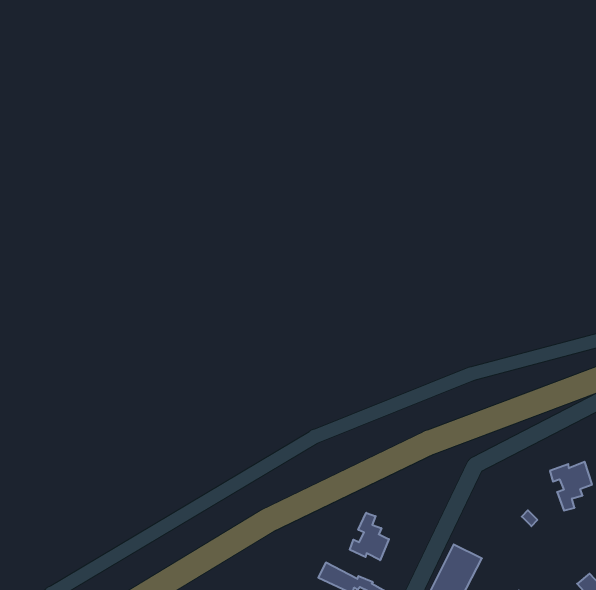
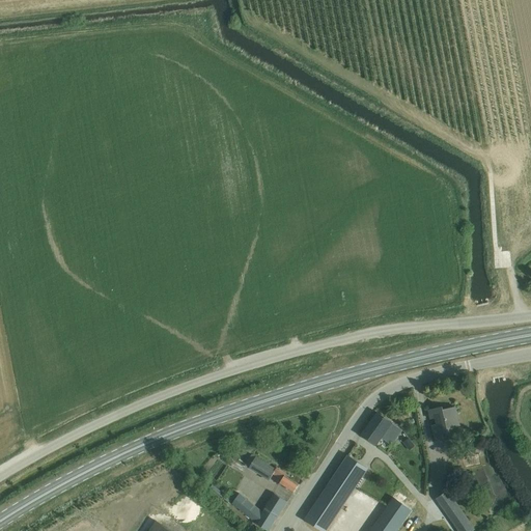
building: none -> [362,413,402,445]
building: [350,513,389,560] -> none

